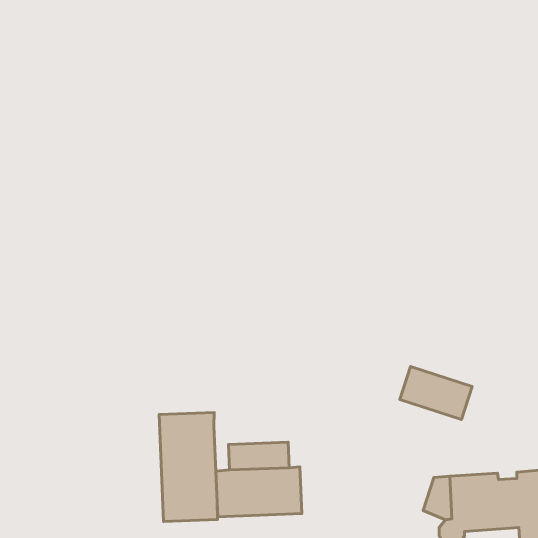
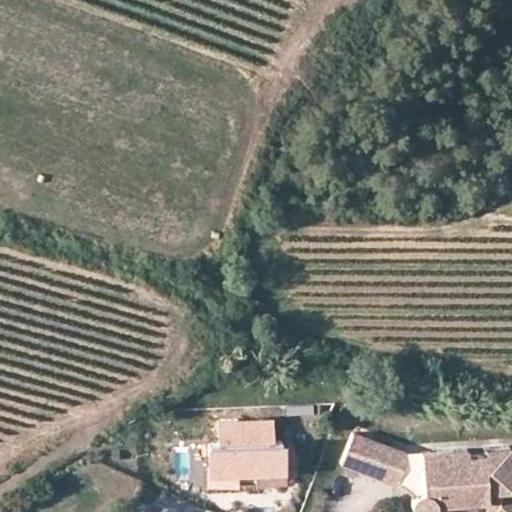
building: [400,366,472,420] -> [345,435,413,485]
building: [159,413,217,521] -> none

